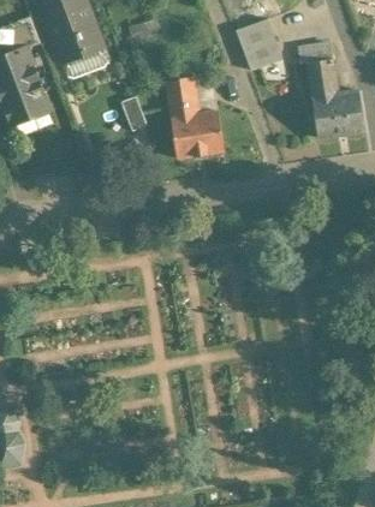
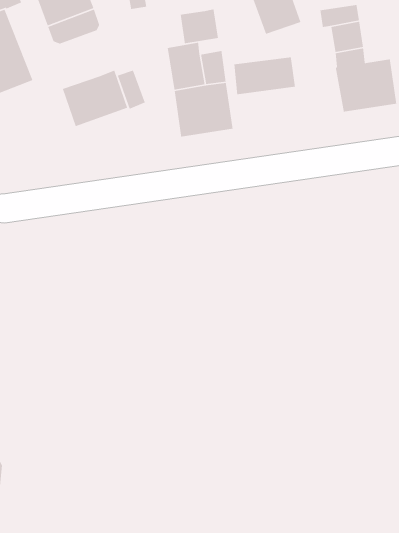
building: none -> [180,8,219,44]
building: none -> [234,56,296,95]
building: none -> [62,69,128,127]

